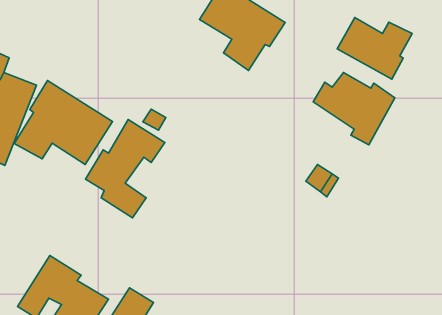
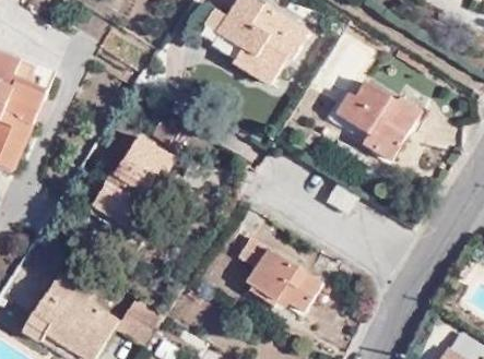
building: [337,18,412,79] -> none
building: [14,81,113,165] -> none
building: none -> [240,237,322,310]

